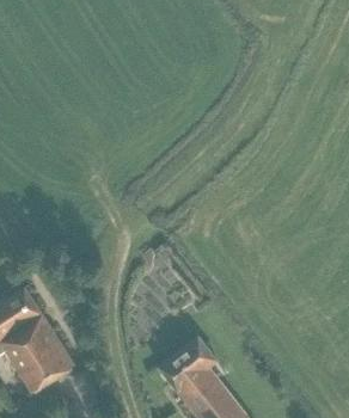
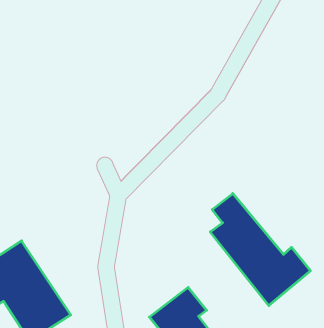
building: none -> [210,193,310,306]

